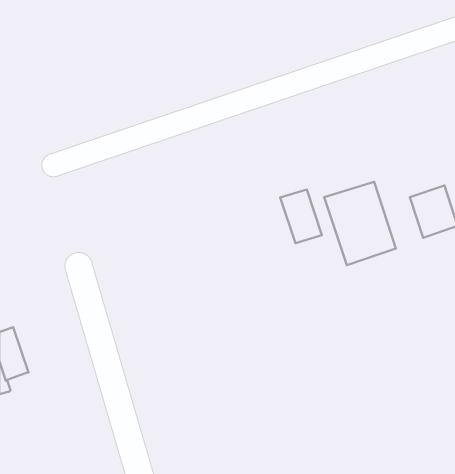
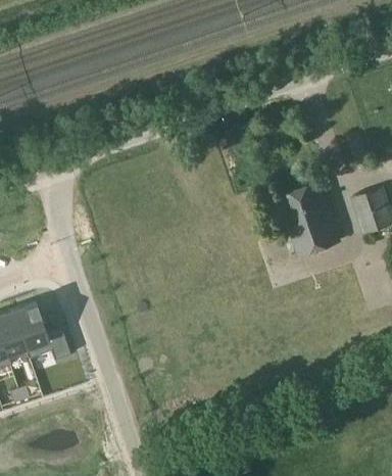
building: [280,190,322,243] -> none
building: none -> [12,301,69,360]

